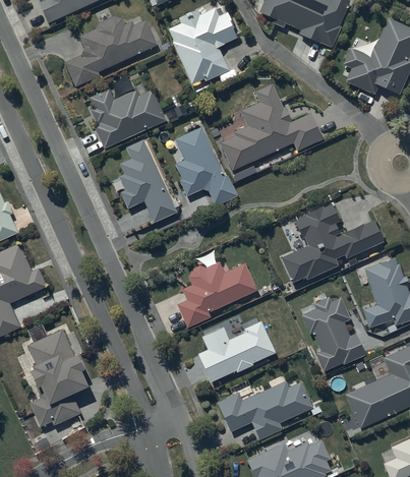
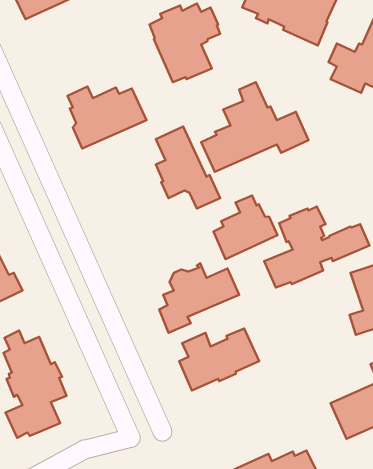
building: [65,16,157,86] -> none
building: [119,139,177,224] -> none
building: none -> [213,195,277,259]
building: [301,297,365,371] -> none
building: [217,381,312,440] -> none

